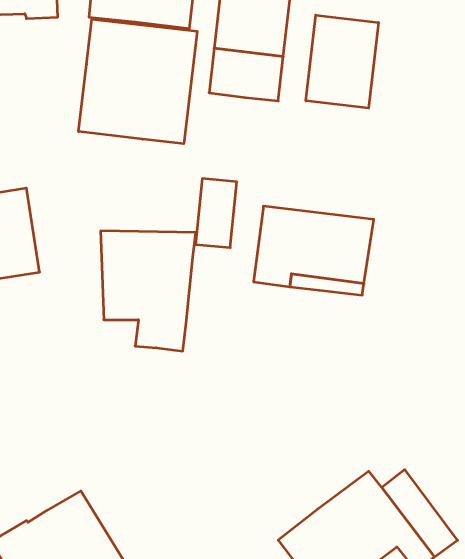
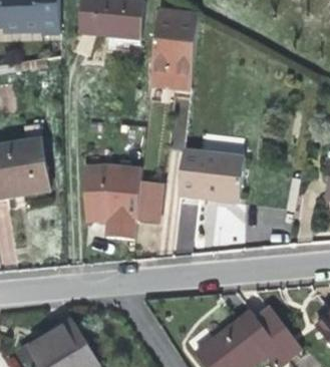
building: [306,15,378,108] -> none
building: [79,19,197,144] -> none
building: [196,179,237,248] -> [137,179,162,222]

